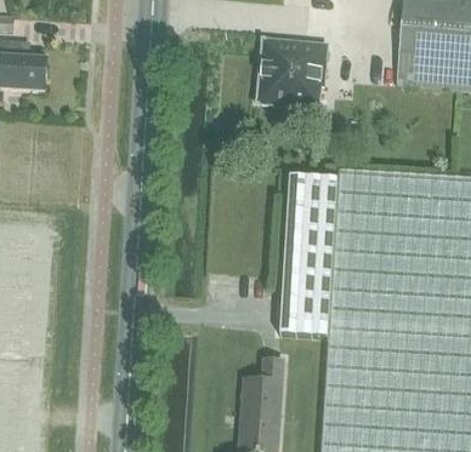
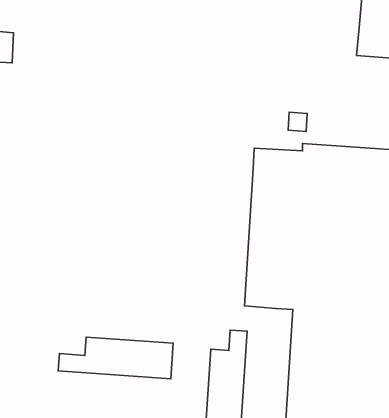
building: [256,35,328,105] -> none
building: none -> [58,337,173,379]

